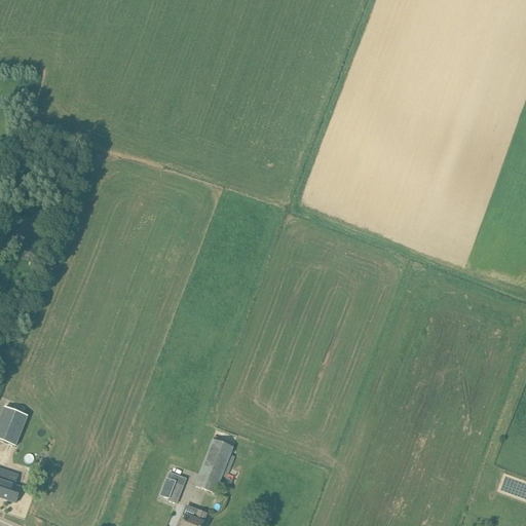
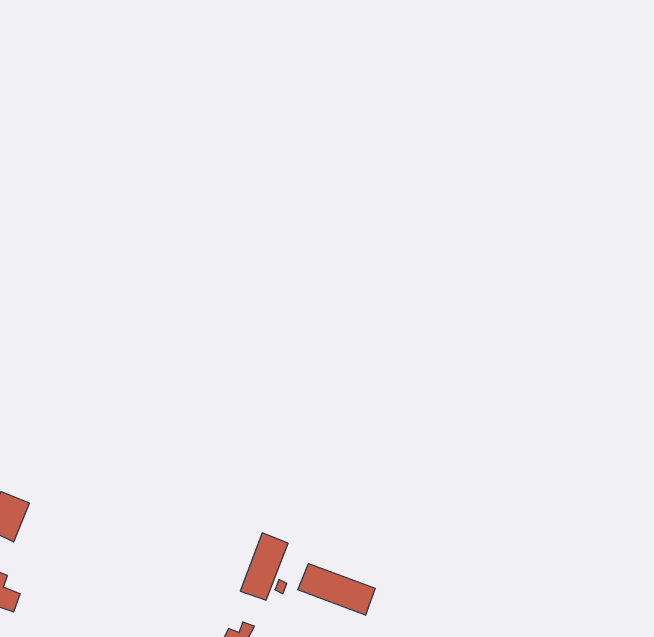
building: none -> [298,564,375,615]
building: [161,469,184,501] -> none

